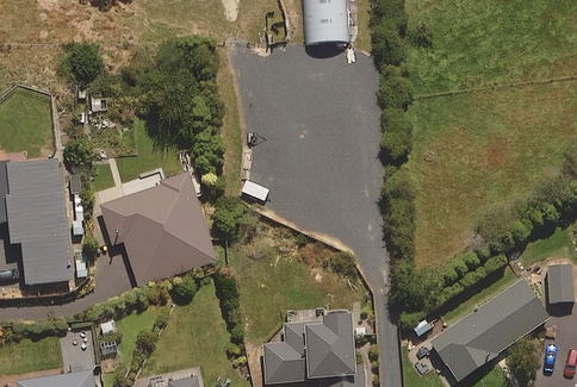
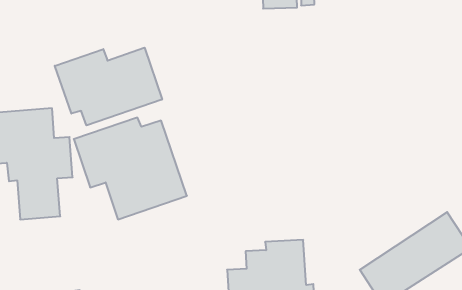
building: none -> [55,48,162,125]

